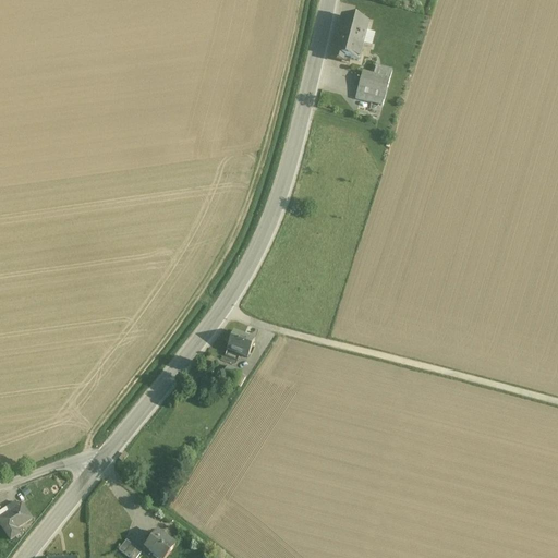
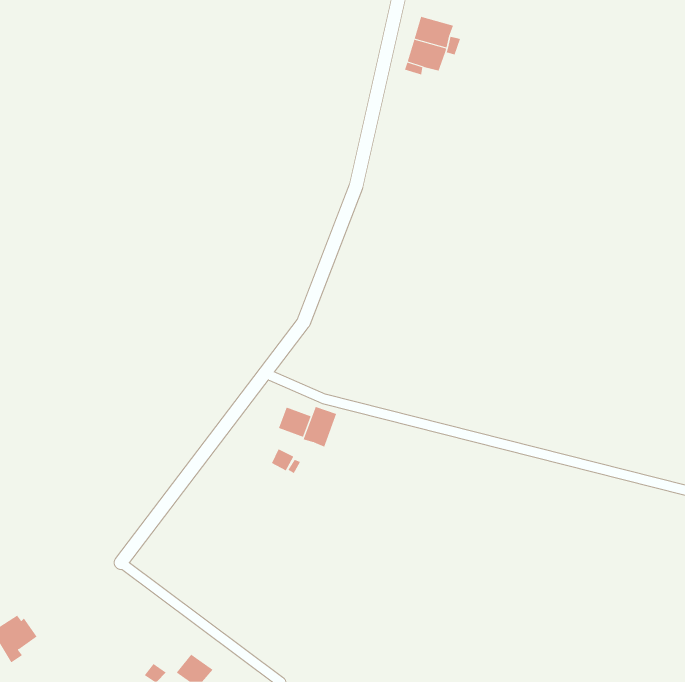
building: [353,63,390,105] -> none
building: none -> [303,406,337,448]

